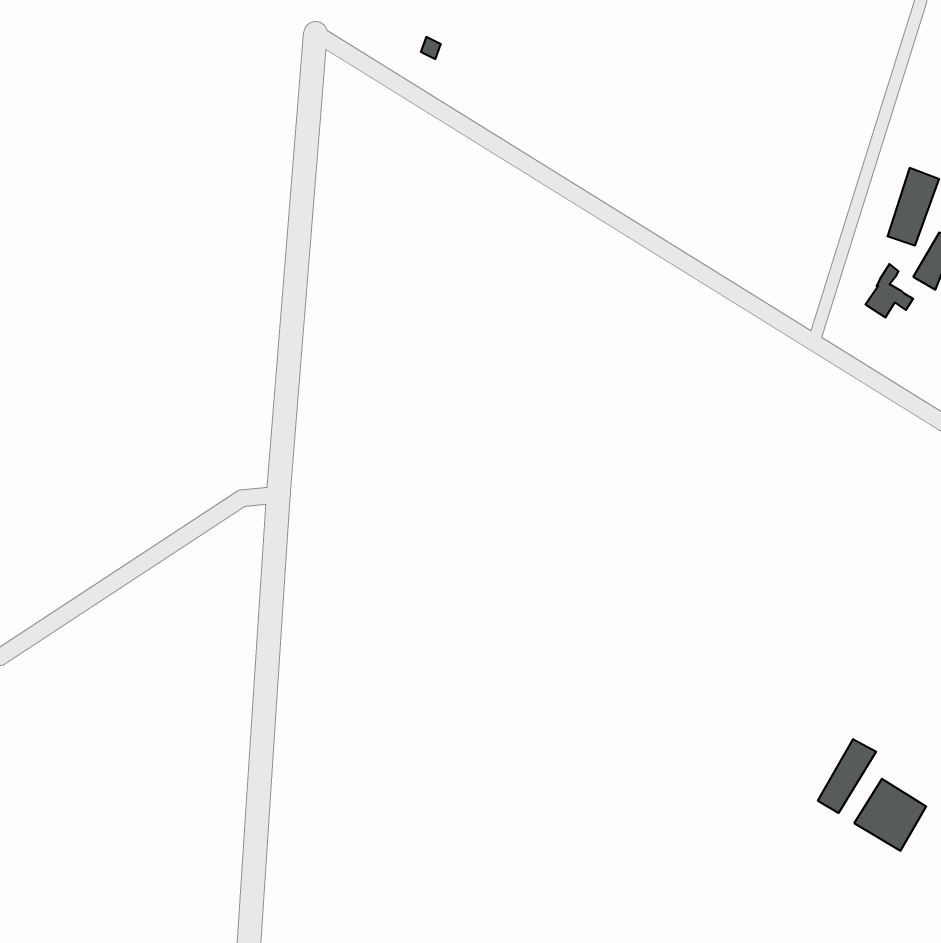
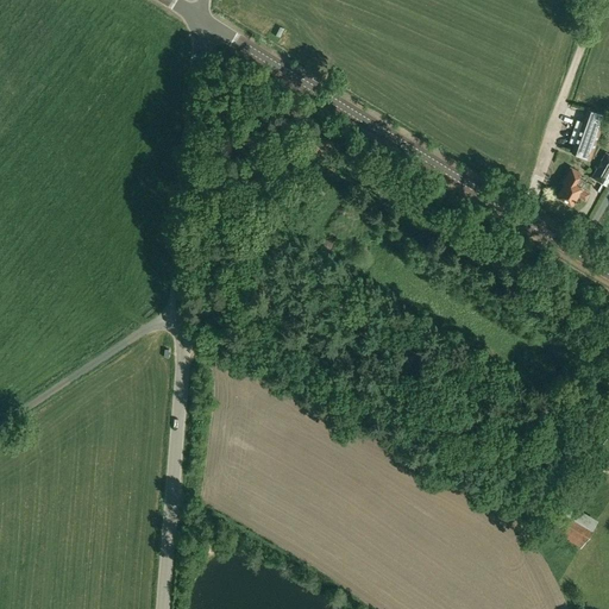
building: [818,739,876,813] -> none

